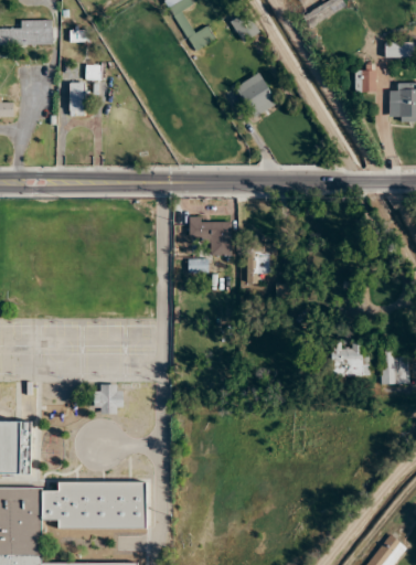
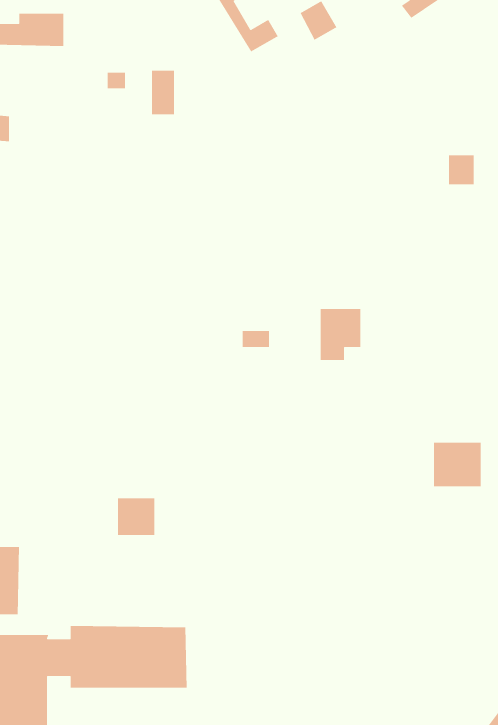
building: [355,68,375,92] -> [448,154,475,185]
building: [235,73,277,117] -> none
building: [68,81,86,115] -> [151,70,175,115]
building: [189,216,232,254] -> none

